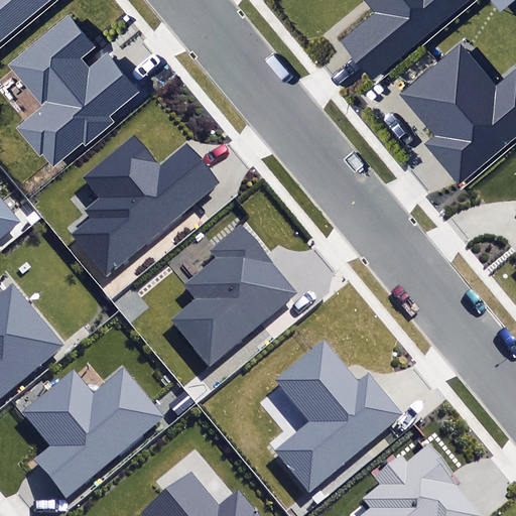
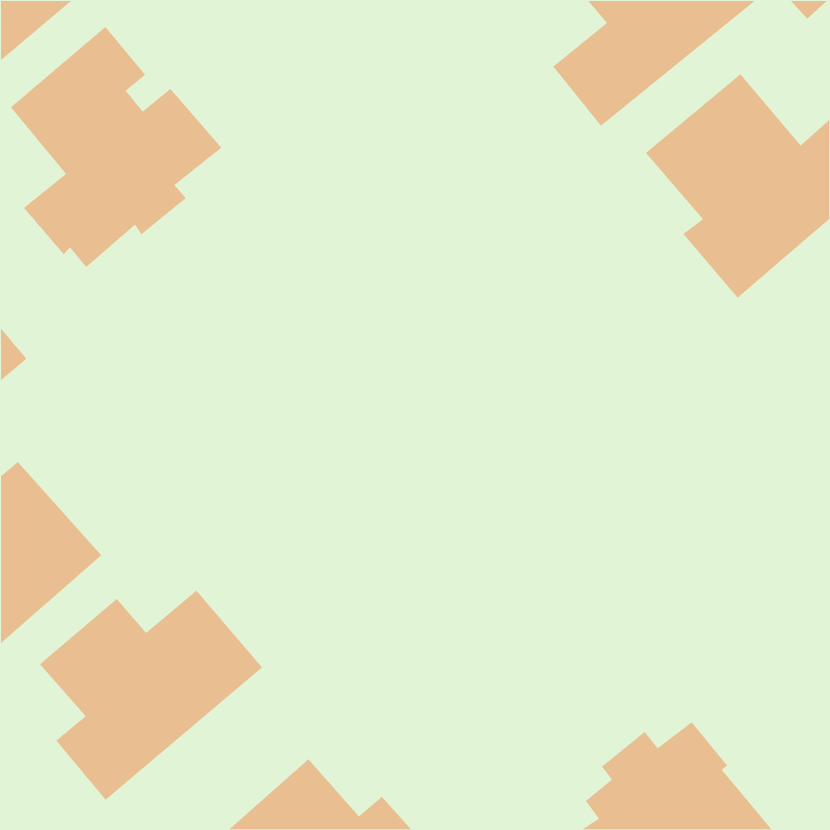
building: [72,135,217,275] -> none
building: [171,229,294,366] -> none
building: [275,341,403,490] -> none

